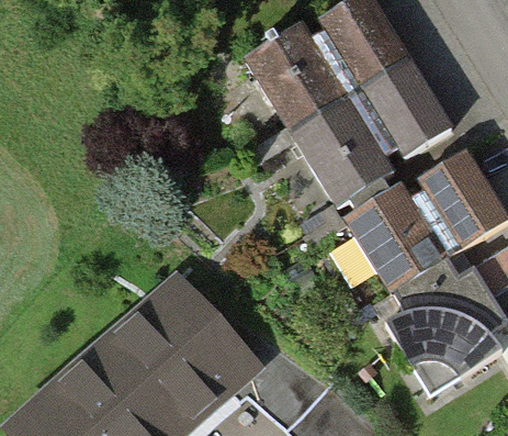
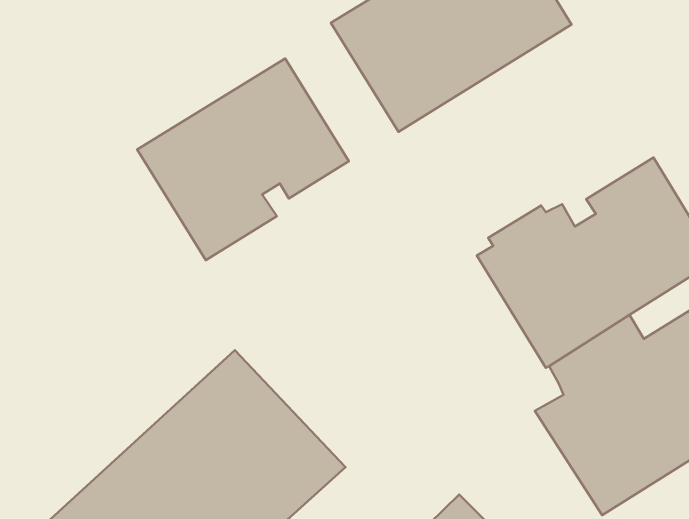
building: [291,58,452,206] -> none
building: none -> [137,58,349,260]

